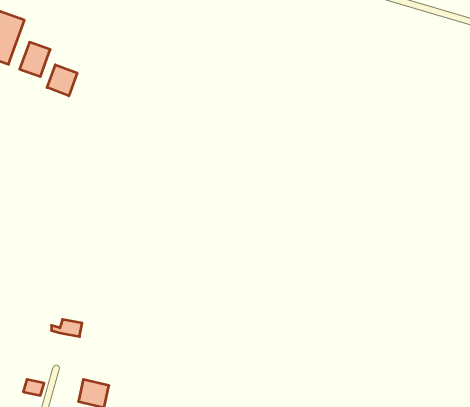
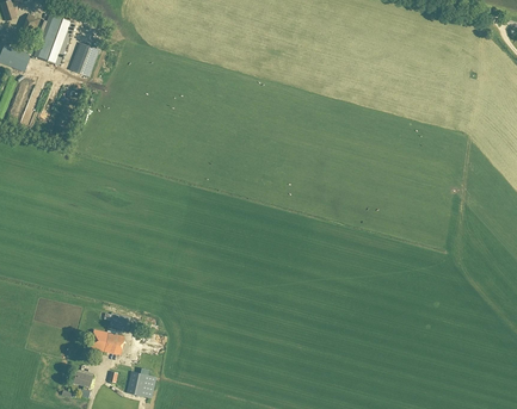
building: [47,65,77,96] -> none
building: none -> [90,329,124,355]

